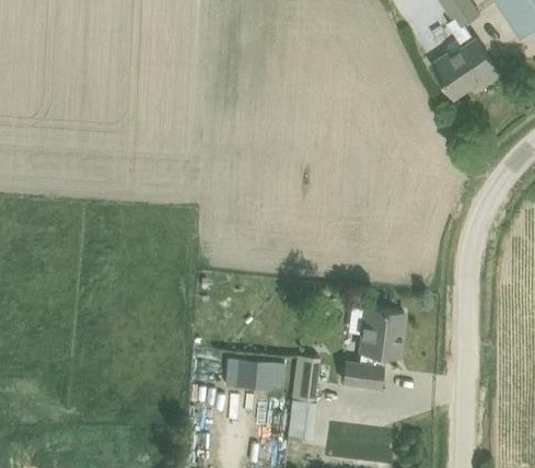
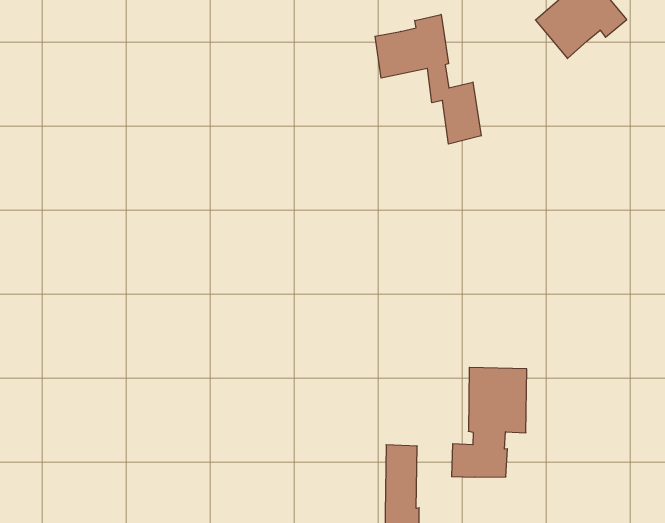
building: none -> [375,14,481,144]
building: [226,358,286,387] -> none

